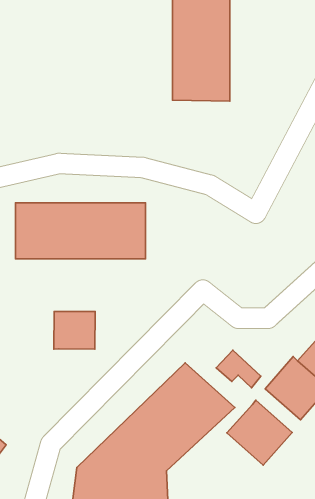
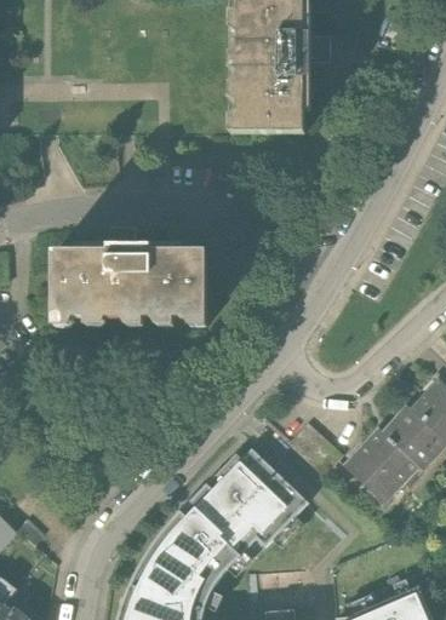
building: [54,312,95,349] -> none
building: [227,400,292,465] -> none

